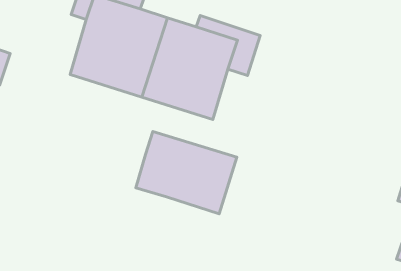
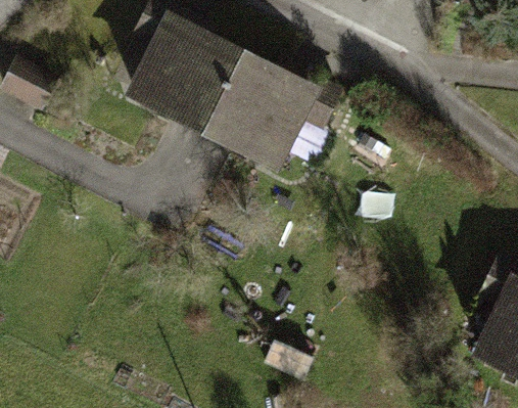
building: [136,131,237,214] -> none

